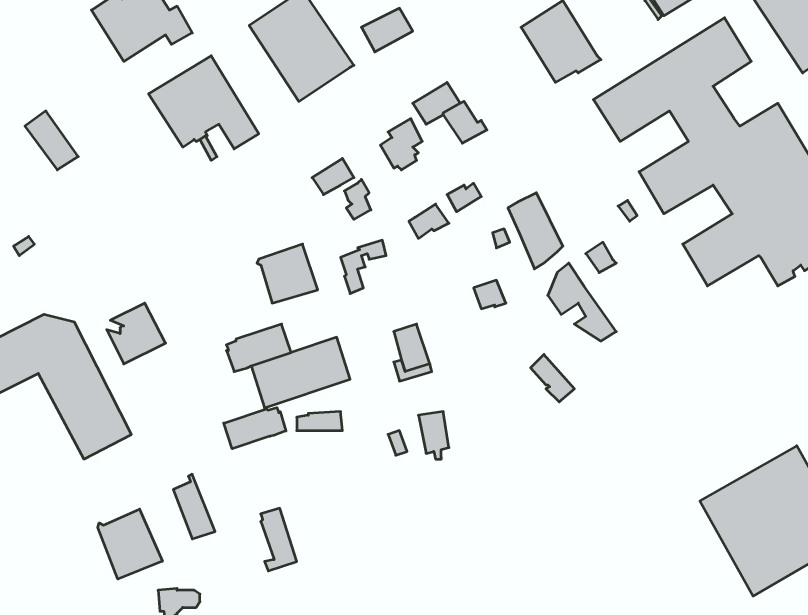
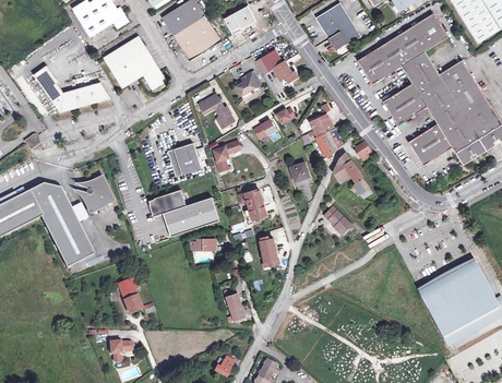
building: none -> [51,81,110,112]
building: [224,408,286,449] -> none
building: [261,508,297,571] -> [224,285,244,321]
building: [98,509,162,579] -> none

